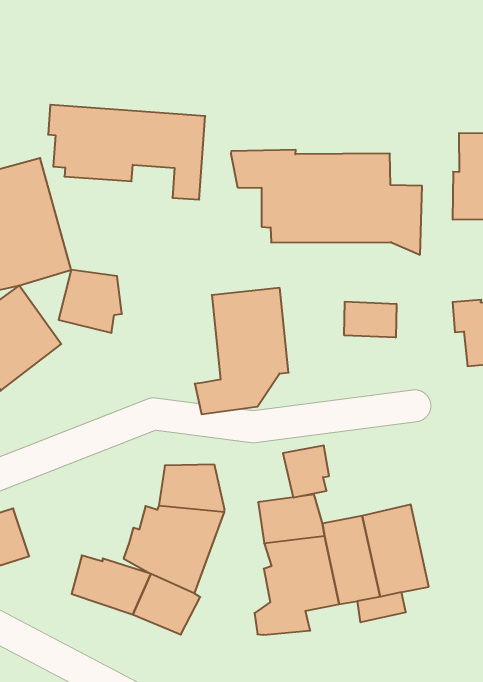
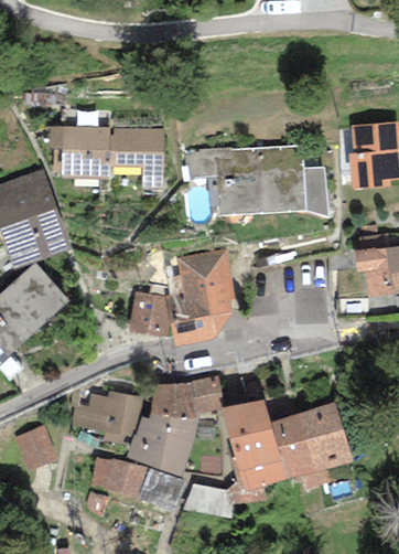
building: [59,270,122,333] -> [128,292,174,337]
building: [344,302,396,338] -> none
building: [283,446,329,497] -> [187,374,223,414]
building: none -> [71,390,142,444]
building: none -> [183,483,233,516]

